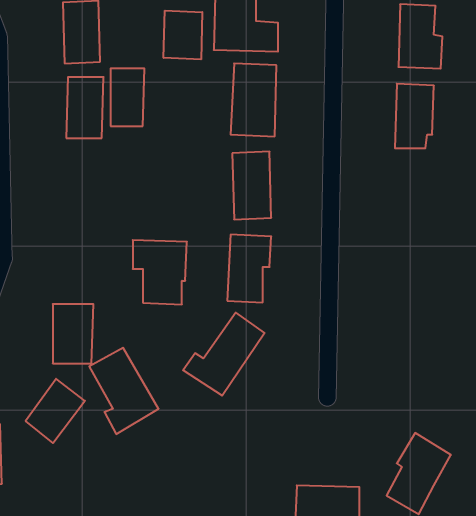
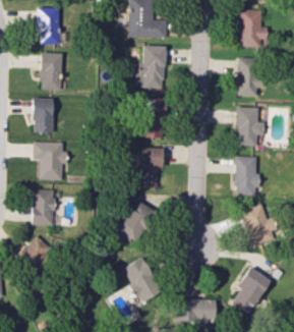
building: [164,11,202,59] -> none
building: [111,68,144,126] -> [34,98,54,132]
building: none -> [237,107,259,146]
building: [133,240,187,304] -> [34,142,66,180]
building: none -> [235,156,258,196]
building: none -> [244,206,279,245]
building: [89,348,159,434] -> [122,258,164,310]

